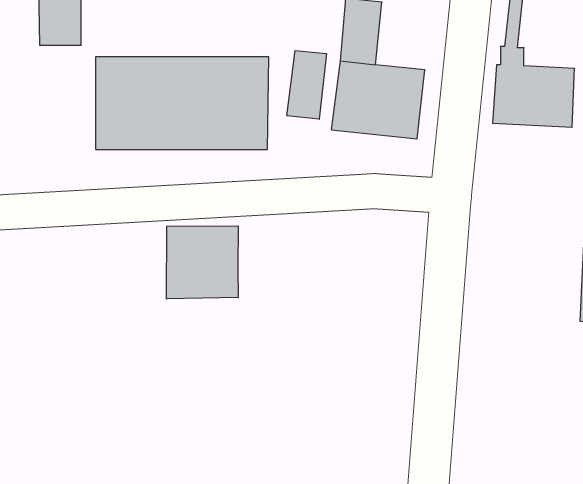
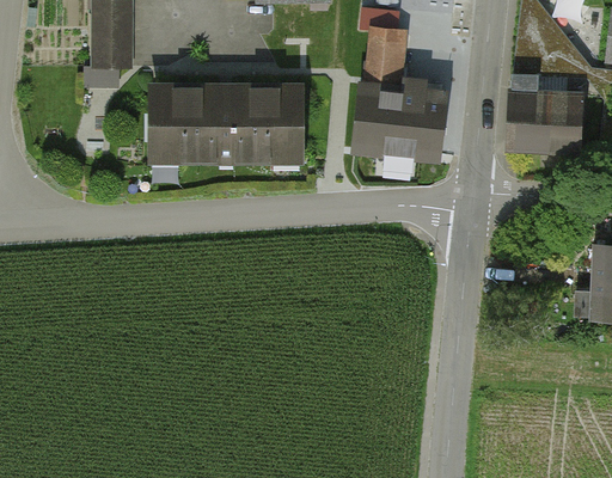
building: [287,51,326,119] -> none
building: [167,226,238,299] -> none

